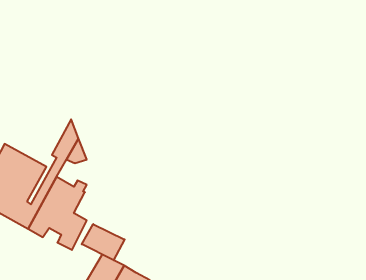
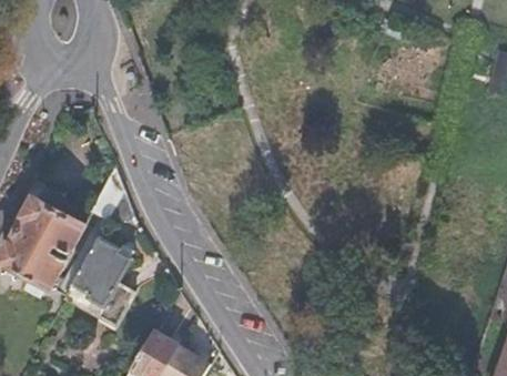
building: [82,224,125,260] -> none

